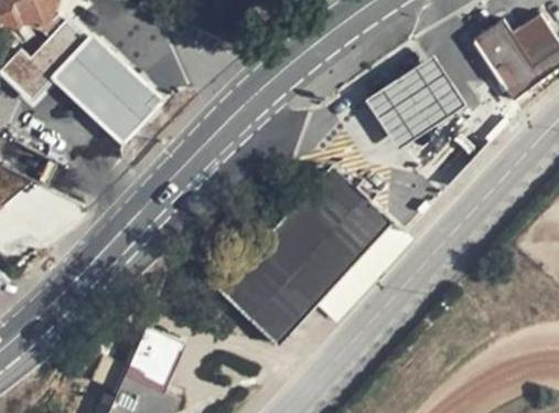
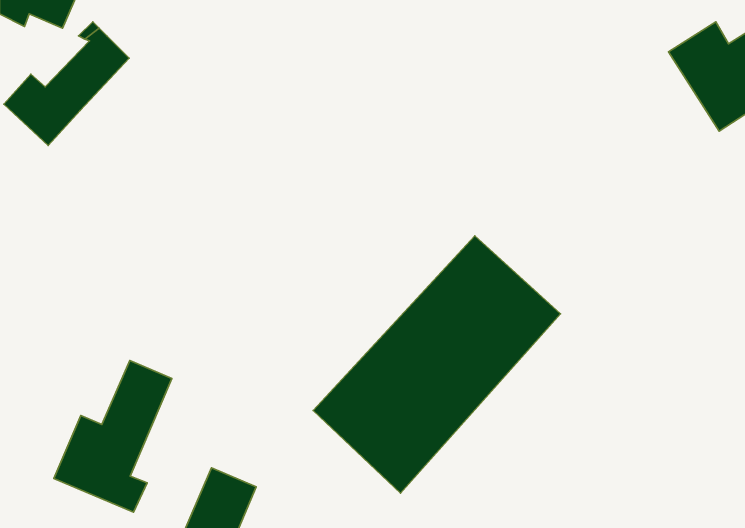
building: [57,41,165,147] -> none
building: [357,43,463,146] -> none
building: none -> [54,361,172,512]

